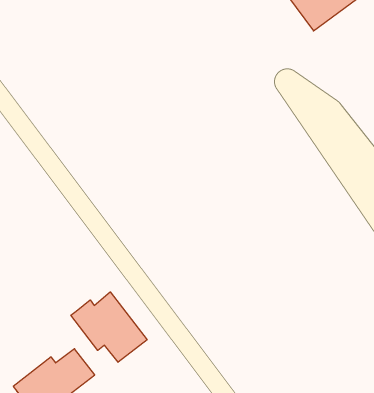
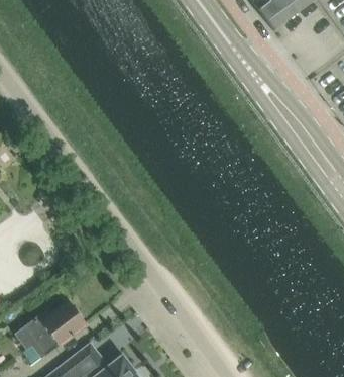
building: [71,292,147,362] -> none

